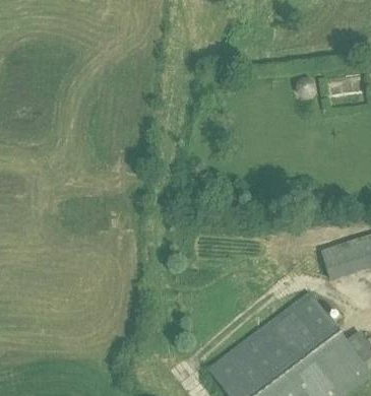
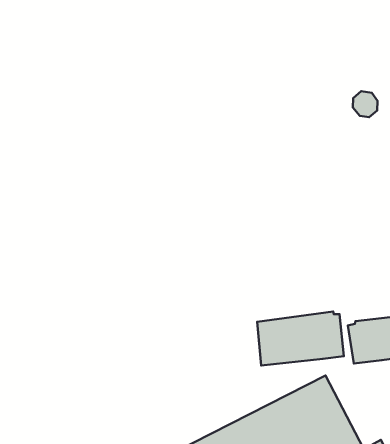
building: none -> [257,311,344,366]

